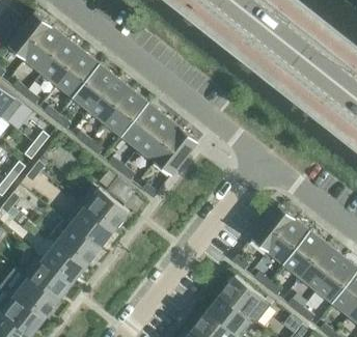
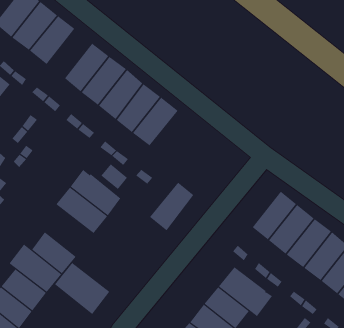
building: [57,52,100,99] -> none
building: [155,130,197,176] -> [149,182,194,231]
building: [49,218,102,268] -> [54,262,110,315]

